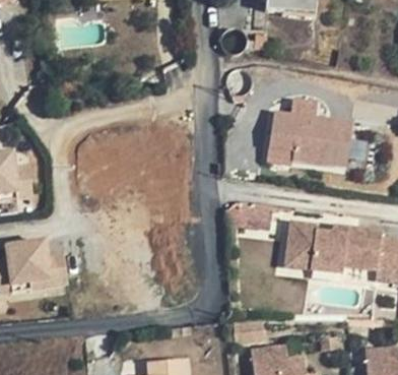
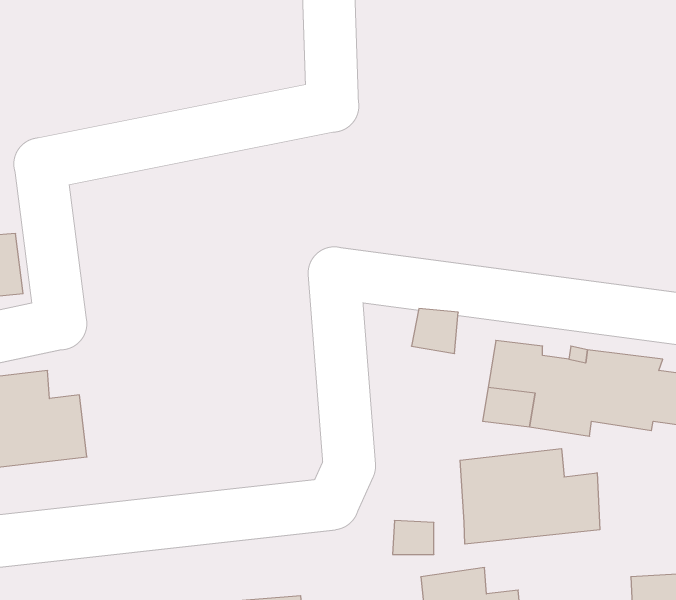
building: [269,111,353,167] -> none
building: none -> [460,449,600,544]

